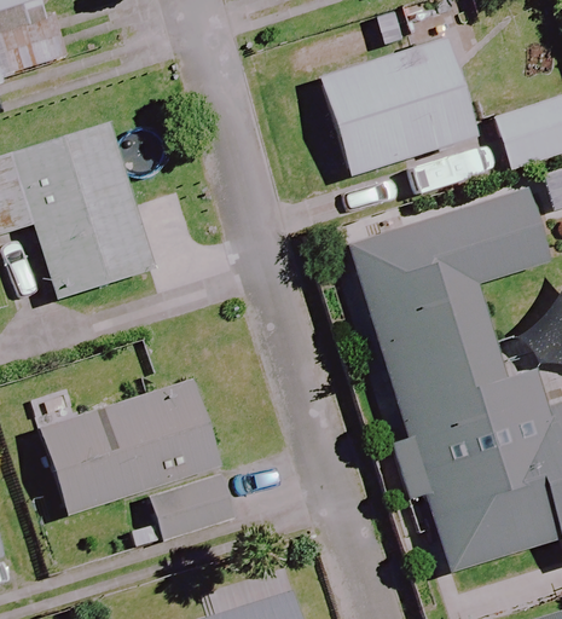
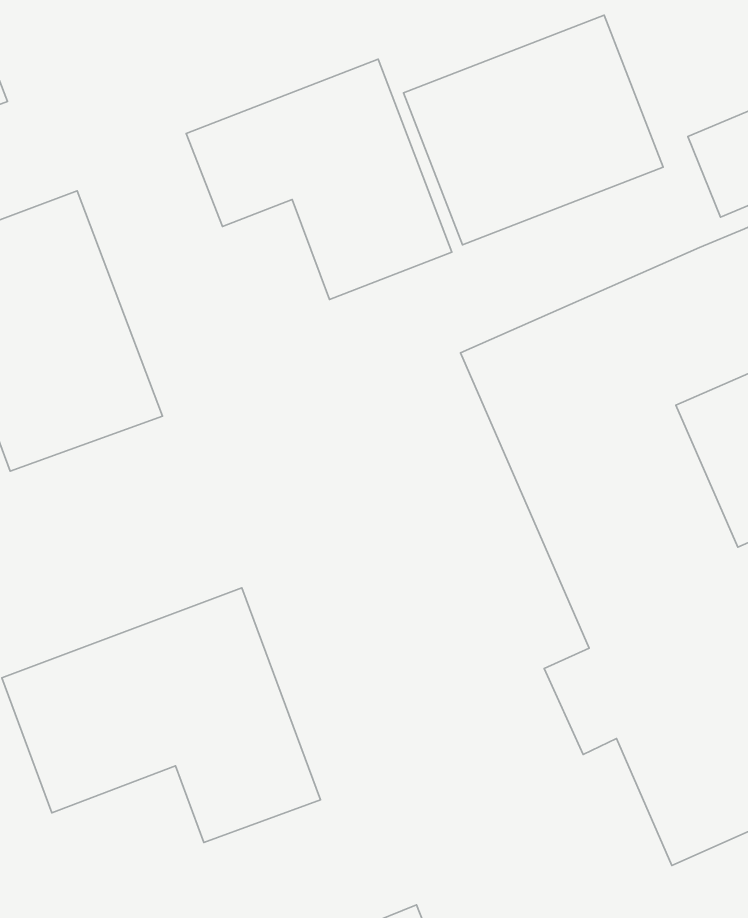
building: none -> [186,59,452,300]

